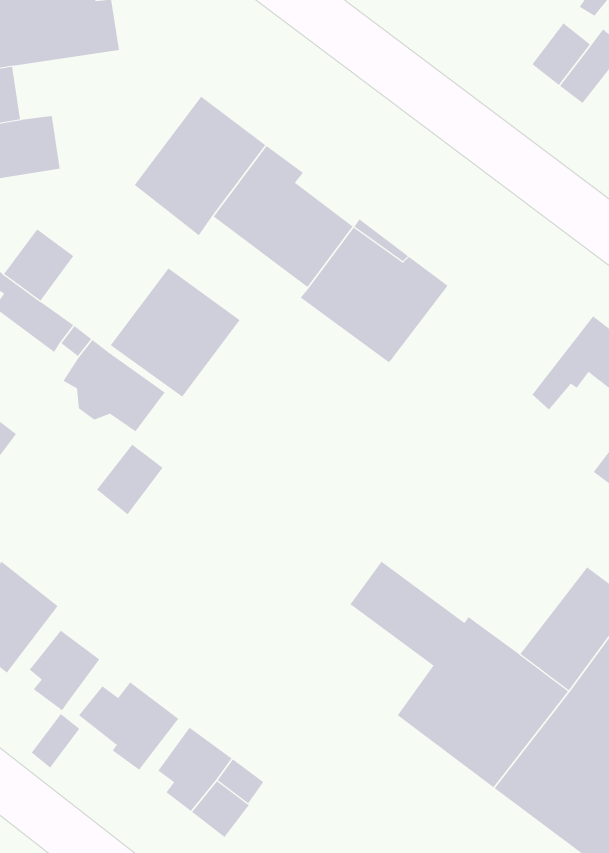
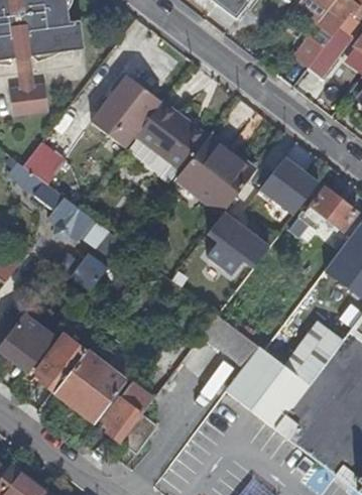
building: none -> [259,161,318,215]
building: [110,267,241,398] -> none
building: none -> [208,210,267,270]
building: none -> [57,349,125,393]

